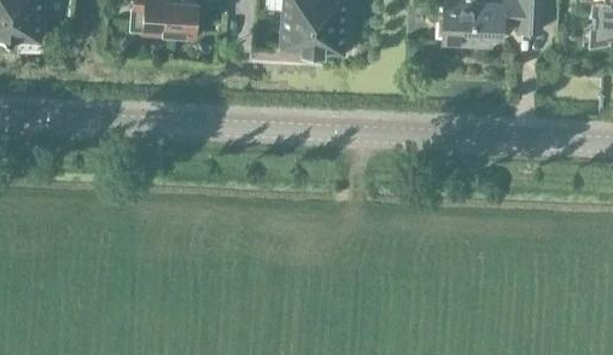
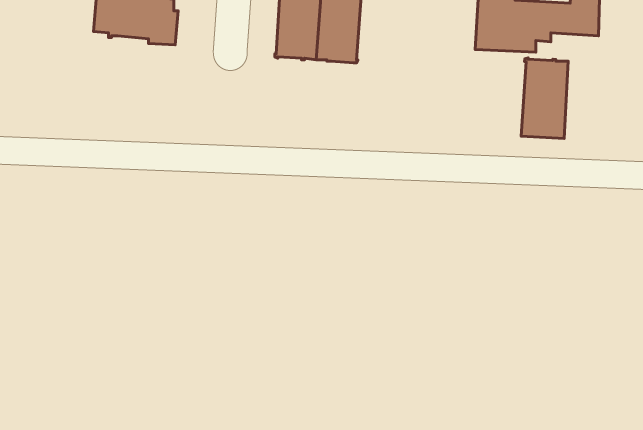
building: none -> [521,58,568,138]

